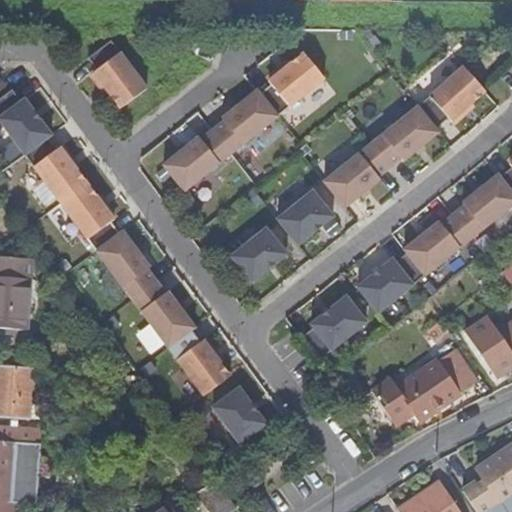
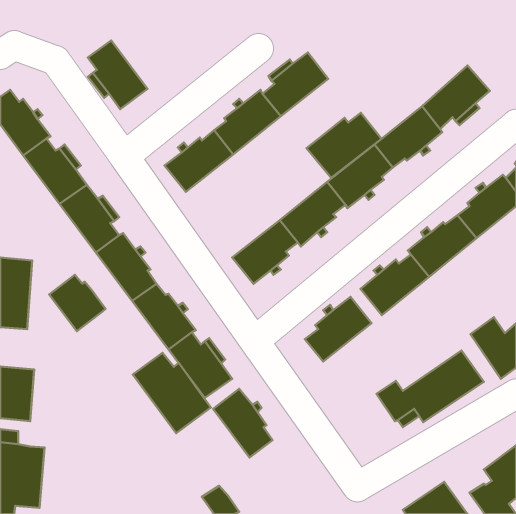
building: none -> [307,113,381,178]
building: none -> [49,275,106,331]
building: none -> [133,353,211,433]

